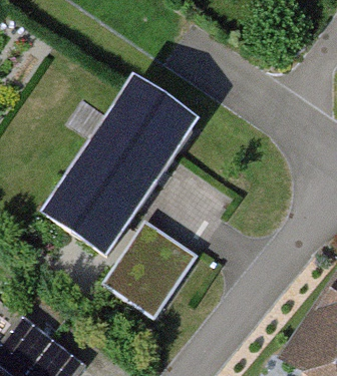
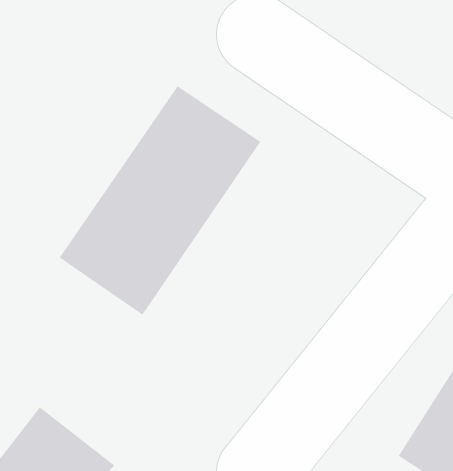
building: [102,227,192,318] -> none

